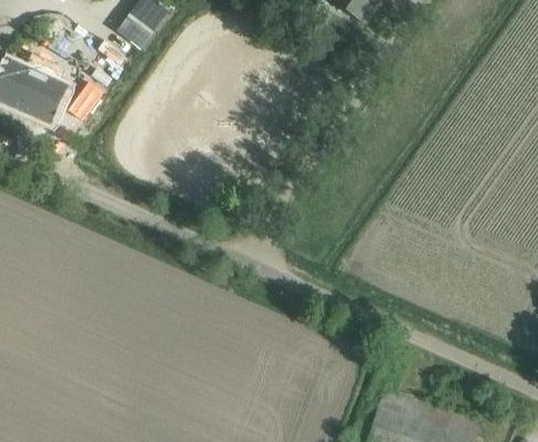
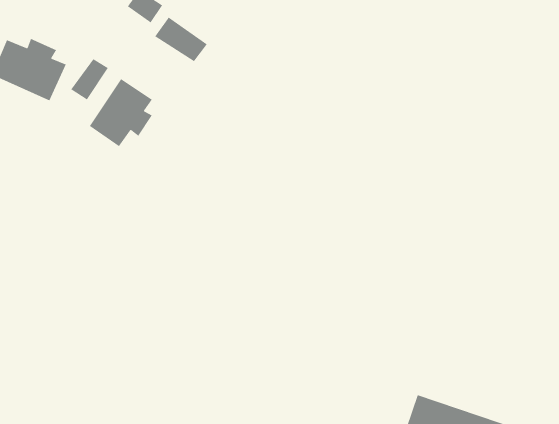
building: none -> [154,17,208,62]
building: none -> [89,78,153,147]

